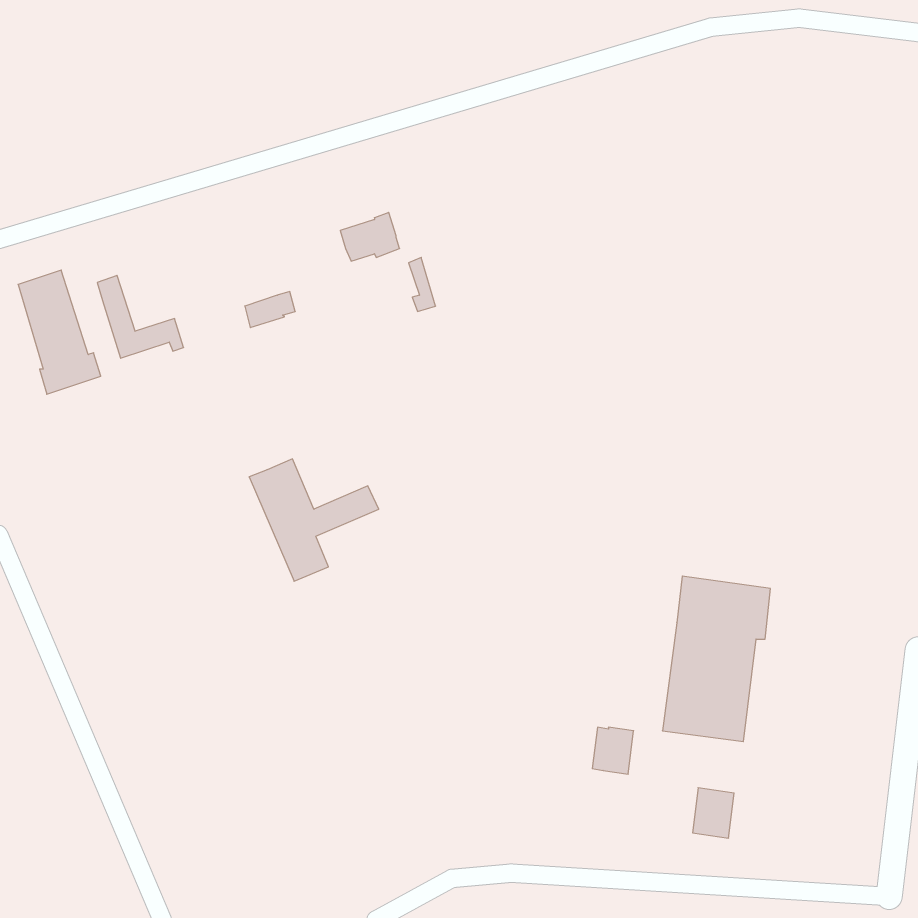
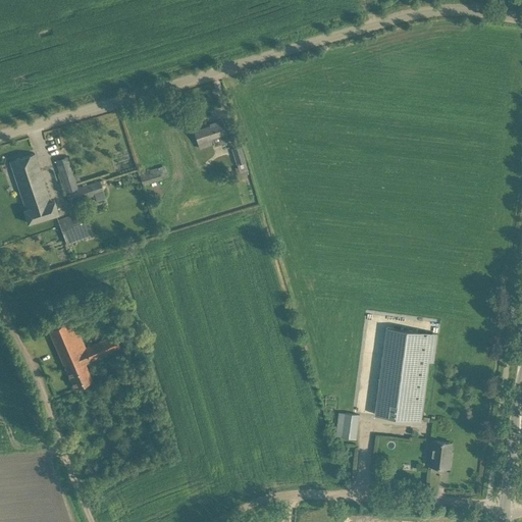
building: none -> [57,215,91,247]
building: [249,459,379,581] -> [47,320,120,389]
building: [693,788,734,838] -> [428,440,452,469]

